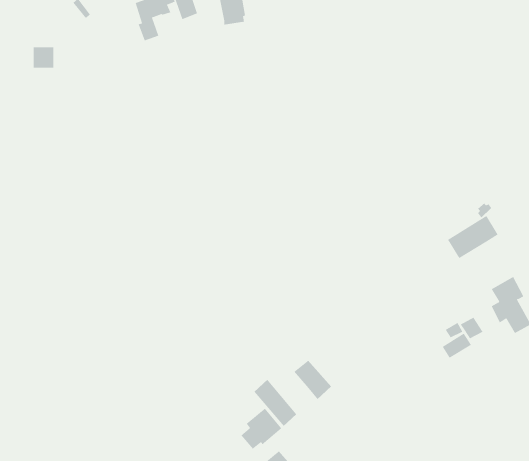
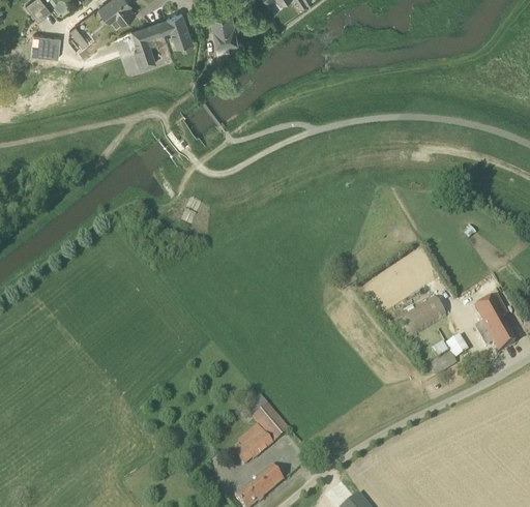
building: [33,47,54,68] -> [40,37,61,58]
building: [447,215,499,259] -> [396,296,446,338]
building: [293,360,332,400] -> none

